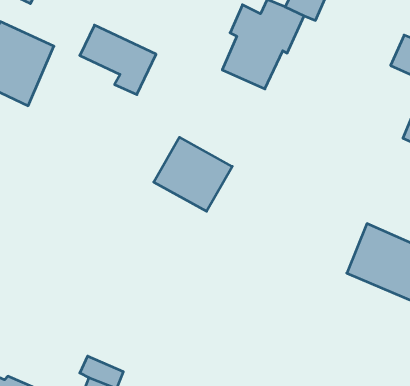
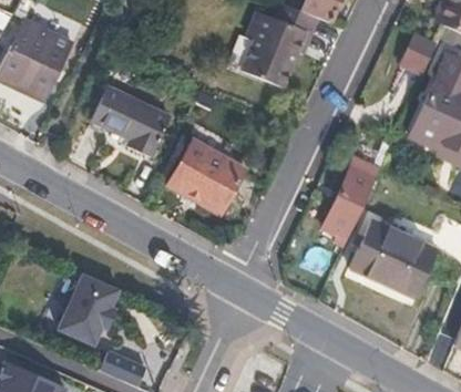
building: [80,25,156,95] -> [95,83,171,152]
building: none -> [330,169,382,246]
building: none -> [59,275,119,347]

